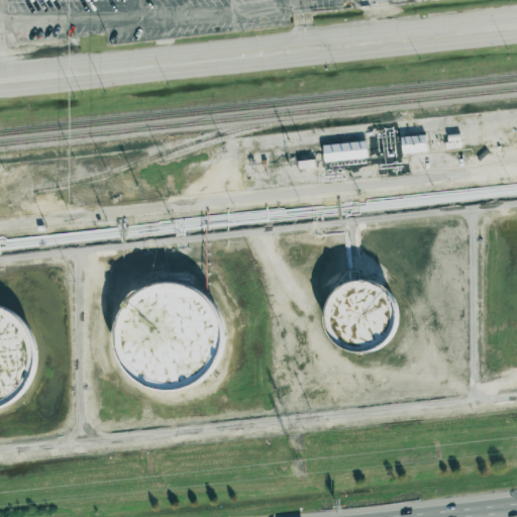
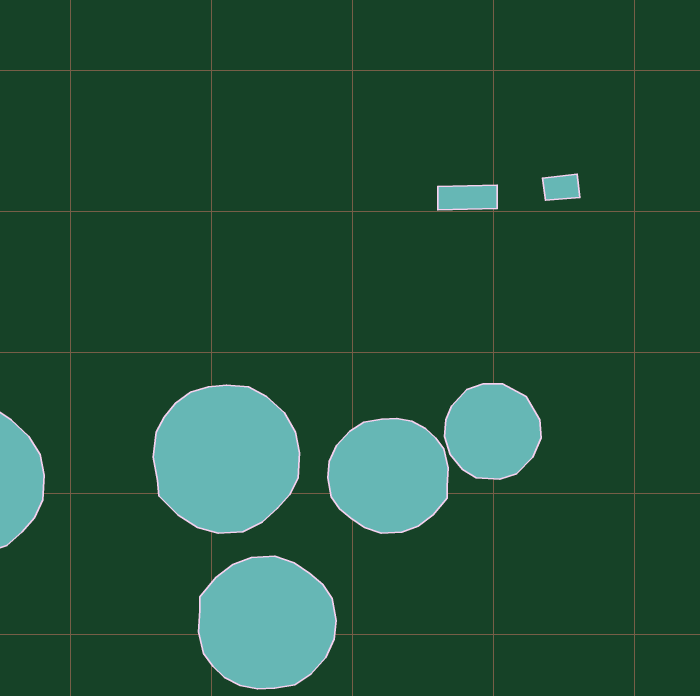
building: none -> [328,419,448,533]
building: none -> [198,556,336,689]

